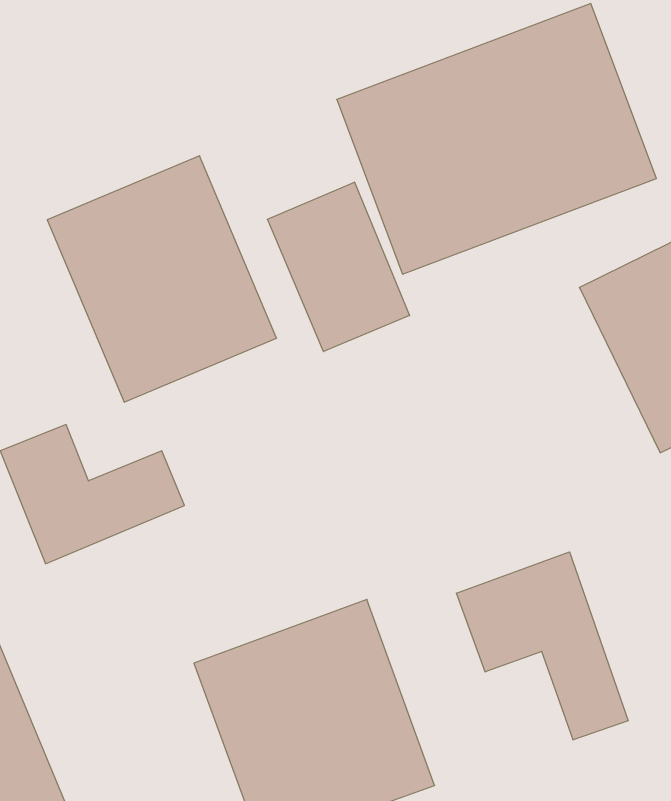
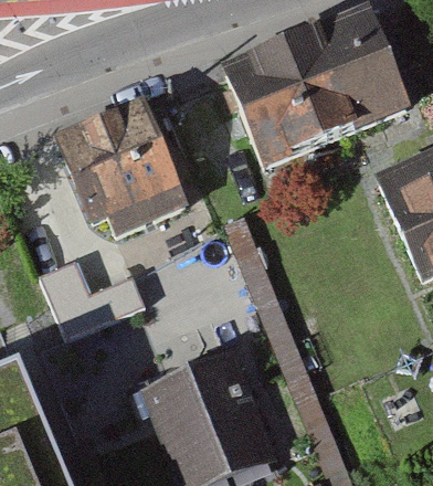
building: [268,182,410,352] -> none
building: [456,552,628,740] -> none

